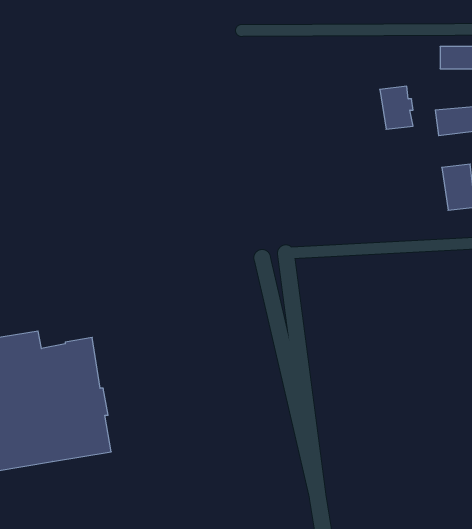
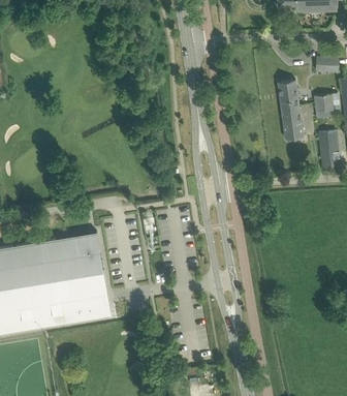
building: none -> [283,105,305,139]

